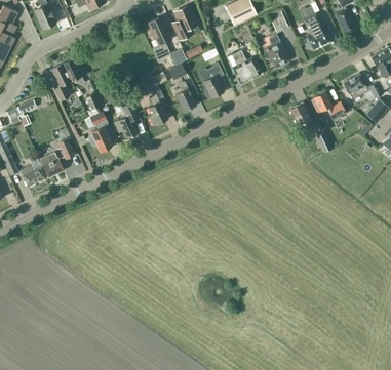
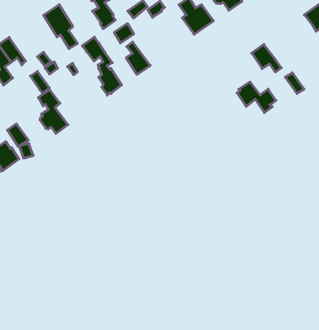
building: none -> [44,5,77,49]
building: [197,61,224,97] -> none
building: [311,91,345,121] -> [237,82,276,113]
building: [113,101,138,138] -> none

